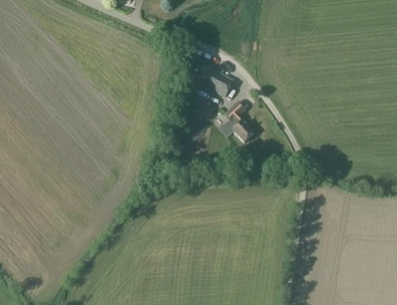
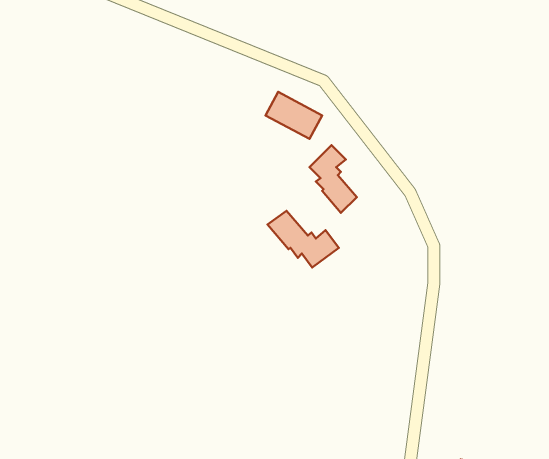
building: none -> [268,211,339,267]

